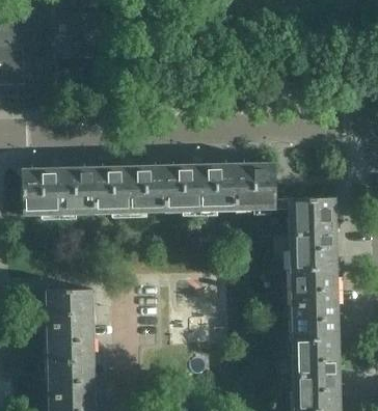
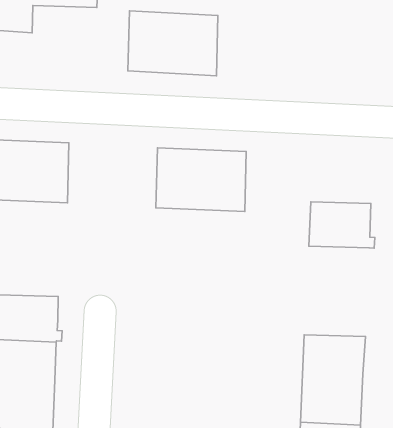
building: [233,162,274,211] -> none
building: [91,165,164,214] -> [128,11,218,76]
building: [288,232,338,305] -> none

